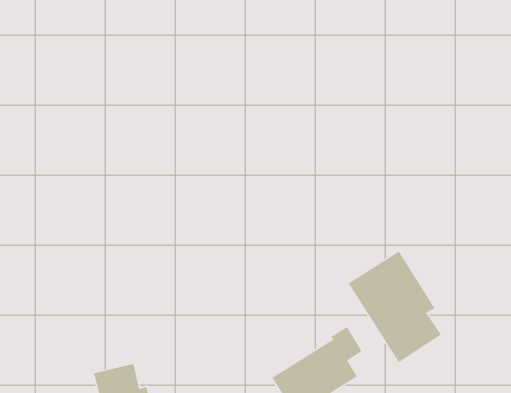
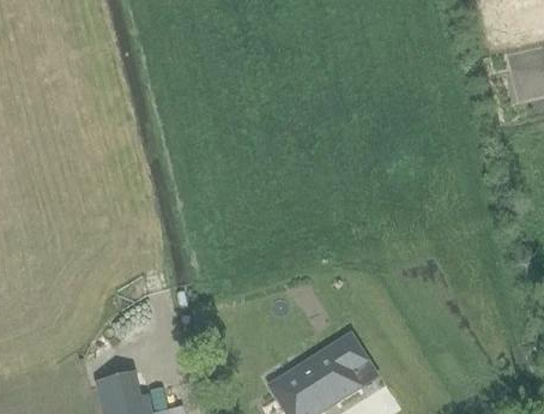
building: [348,250,442,363] -> none

